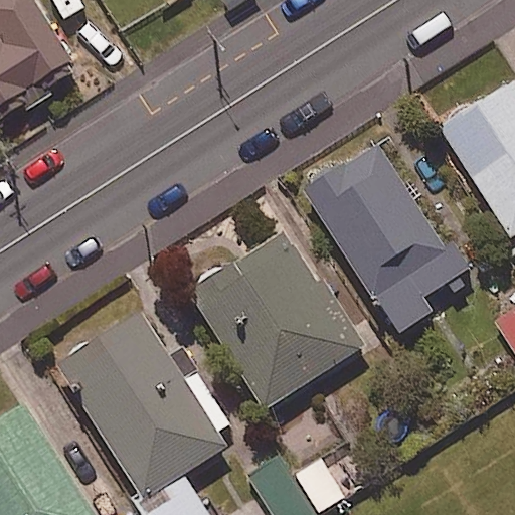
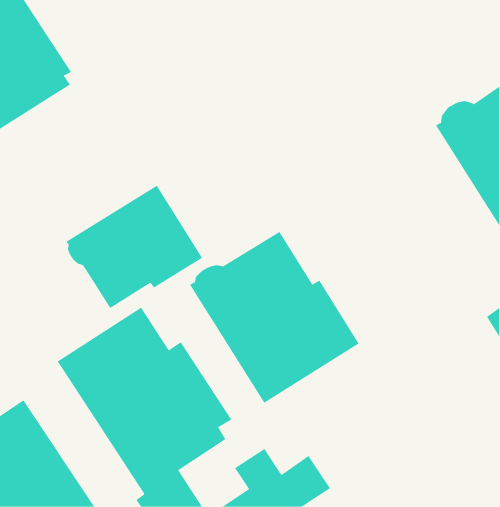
building: [304,142,470,332] -> none
building: none -> [66,185,203,309]

